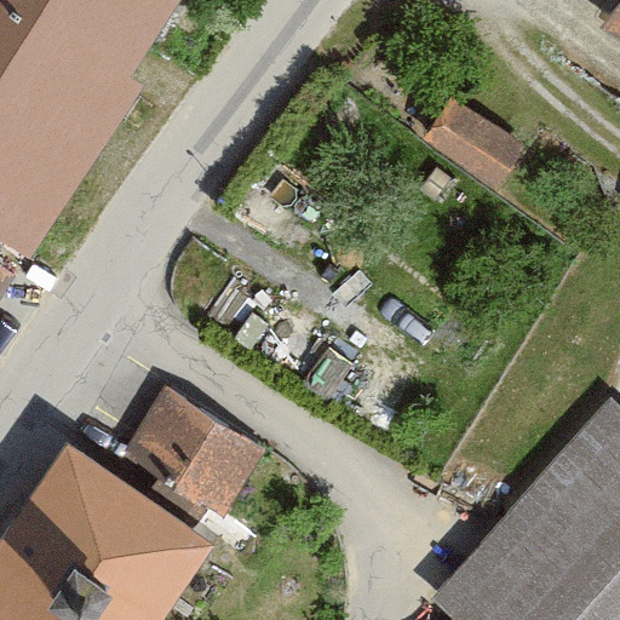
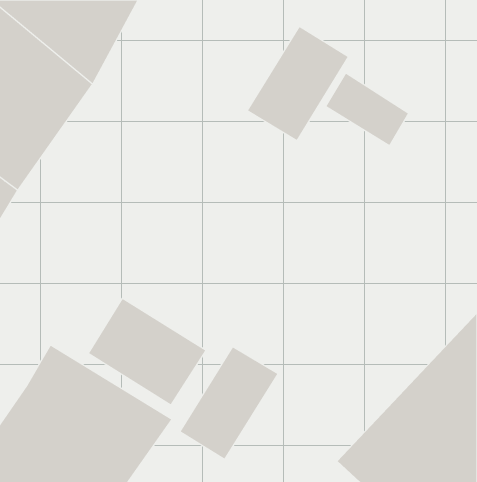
building: none -> [247,26,348,141]
building: none -> [180,346,278,460]

